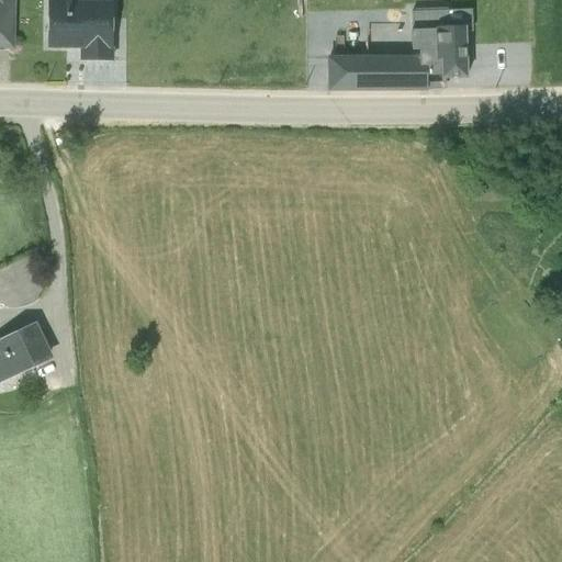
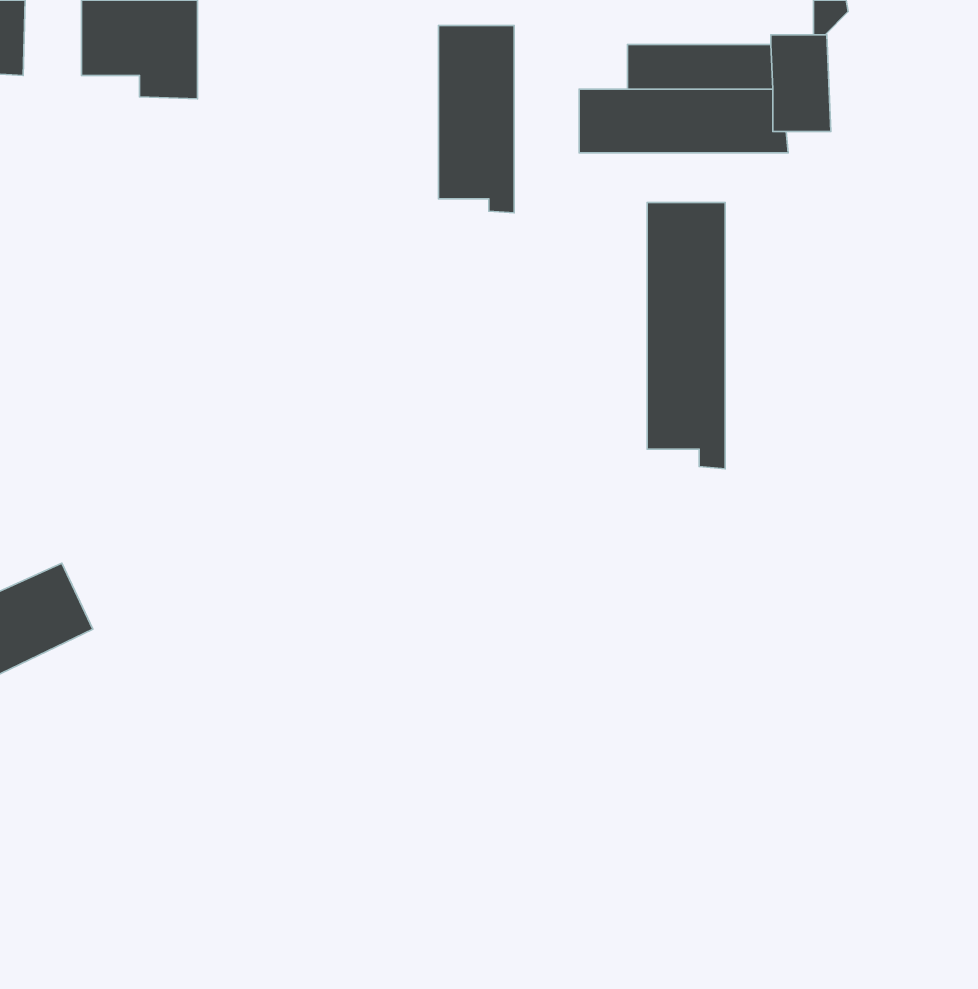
building: none -> [438,26,514,213]
building: none -> [647,202,725,469]

